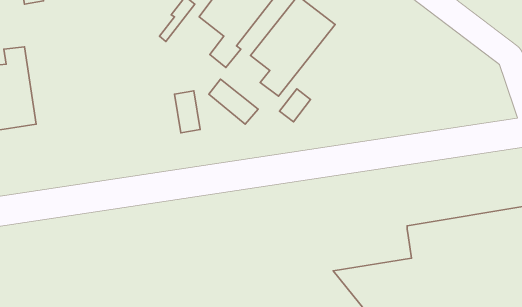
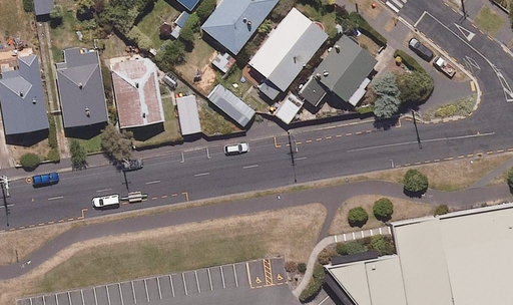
building: none -> [298,33,379,107]
building: none -> [57,48,107,126]
building: none -> [111,56,163,126]

